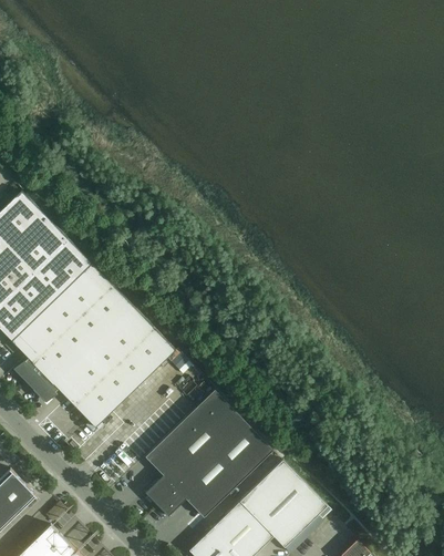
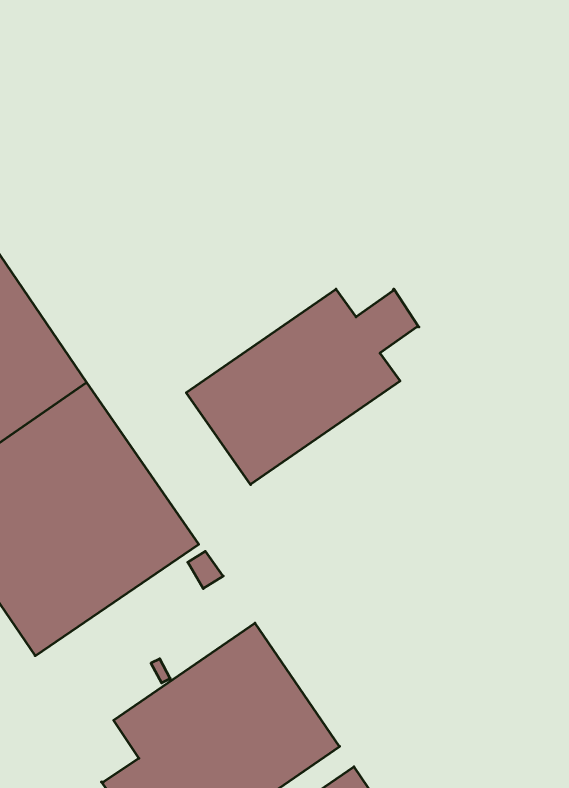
building: none -> [186,289,419,485]

